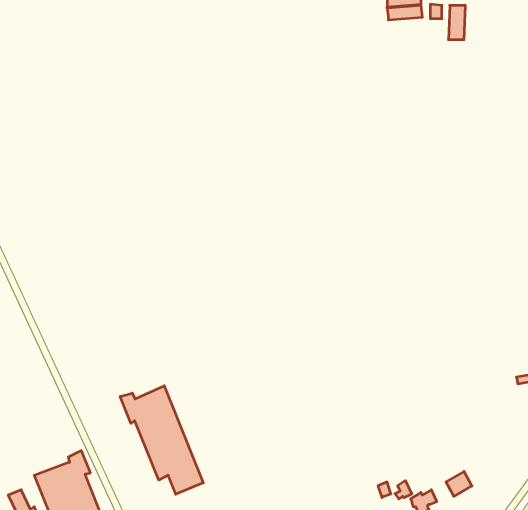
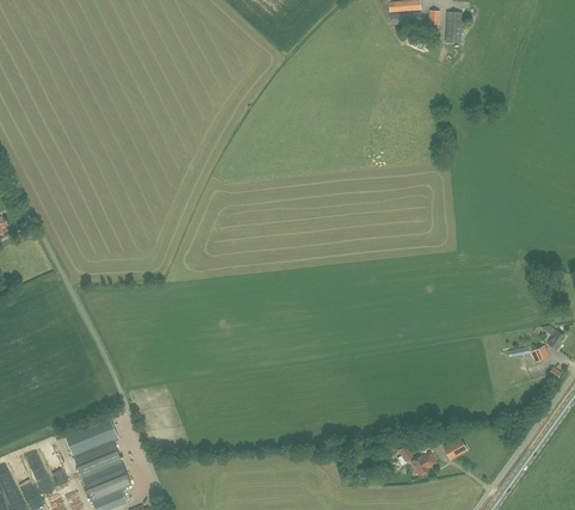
building: [120,386,203,494] -> none

